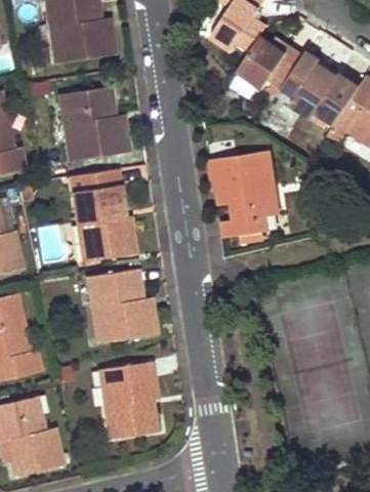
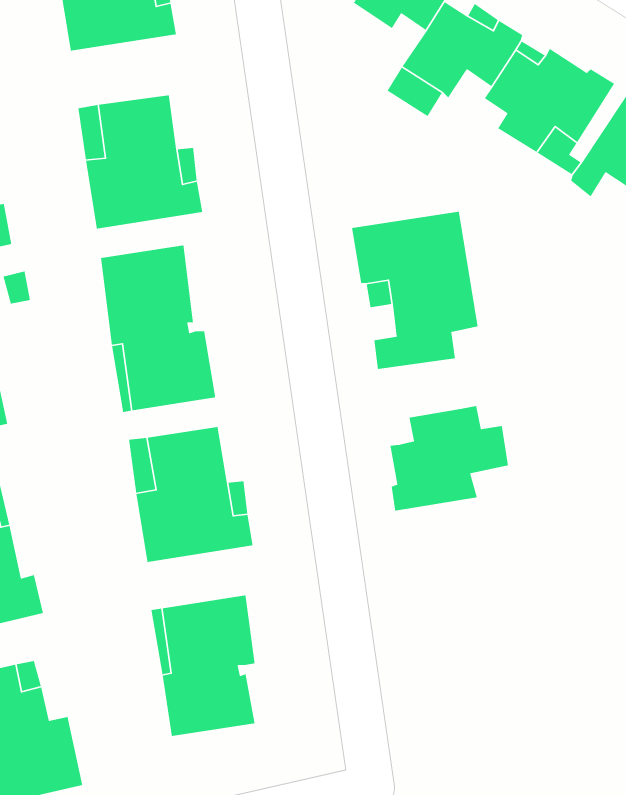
building: none -> [389,405,509,511]

